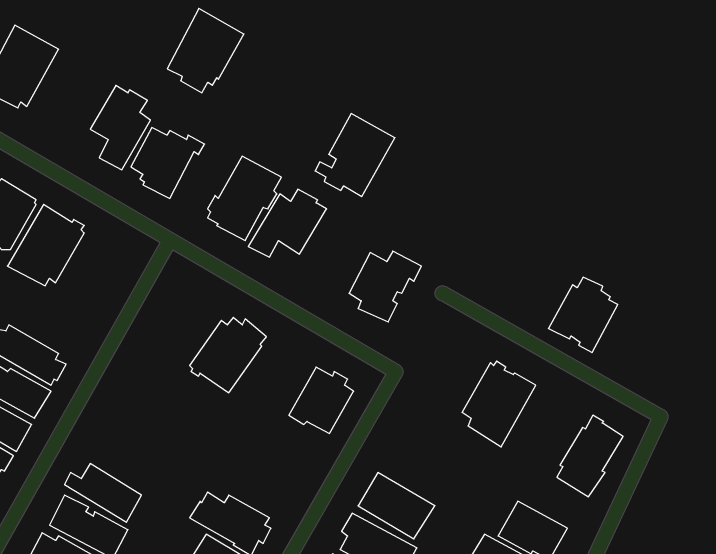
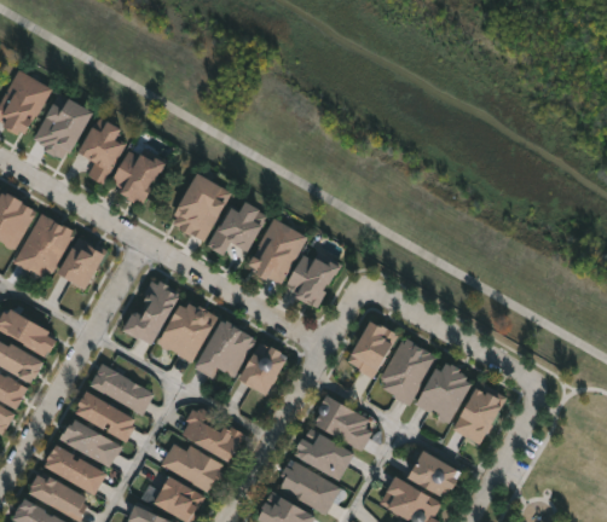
building: [167,8,244,93] -> [31,92,93,160]
building: [315,114,395,197] -> [242,219,306,285]
building: none -> [56,238,106,290]
building: [548,277,618,353] -> [415,362,470,423]
building: none -> [120,280,183,347]
building: none -> [192,320,258,379]
building: none -> [345,321,397,379]
building: none -> [88,364,154,417]
building: none -> [79,393,137,443]
building: none -> [313,395,372,452]
building: none -> [180,407,245,463]

